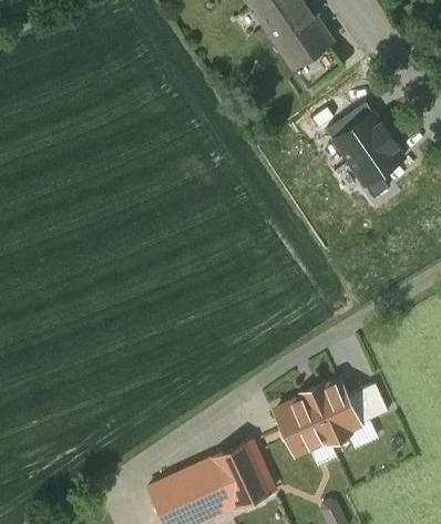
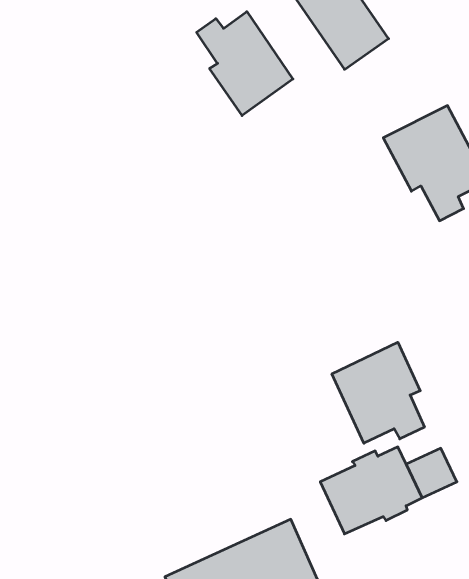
building: none -> [197,12,293,116]
building: none -> [332,342,424,443]

